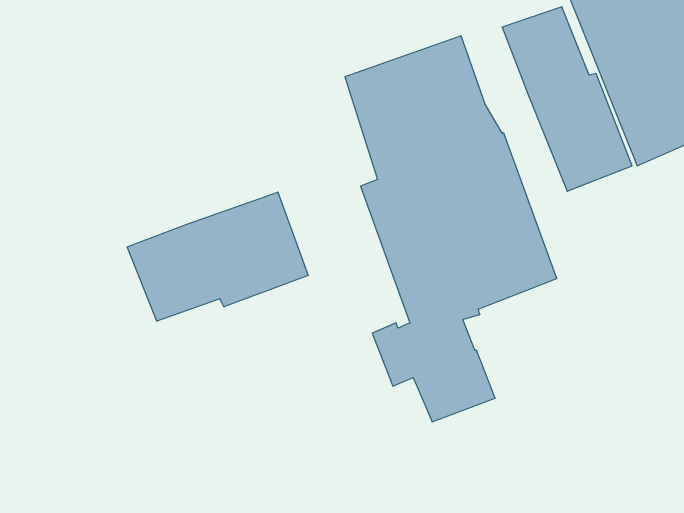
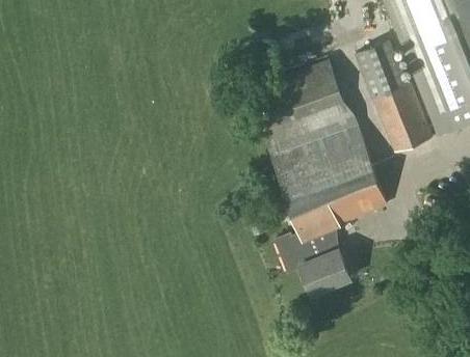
building: [127,192,308,321] -> none

